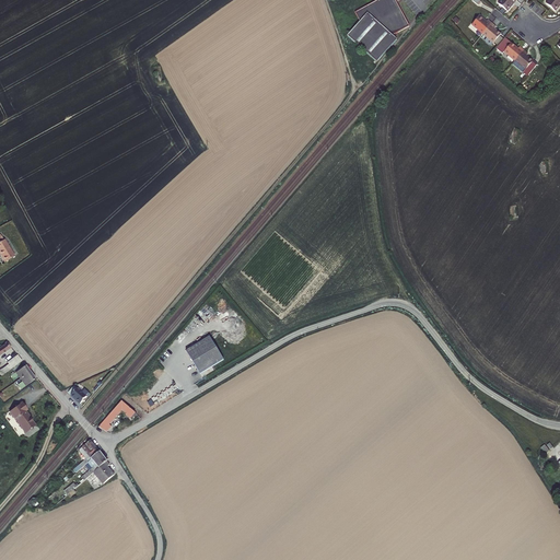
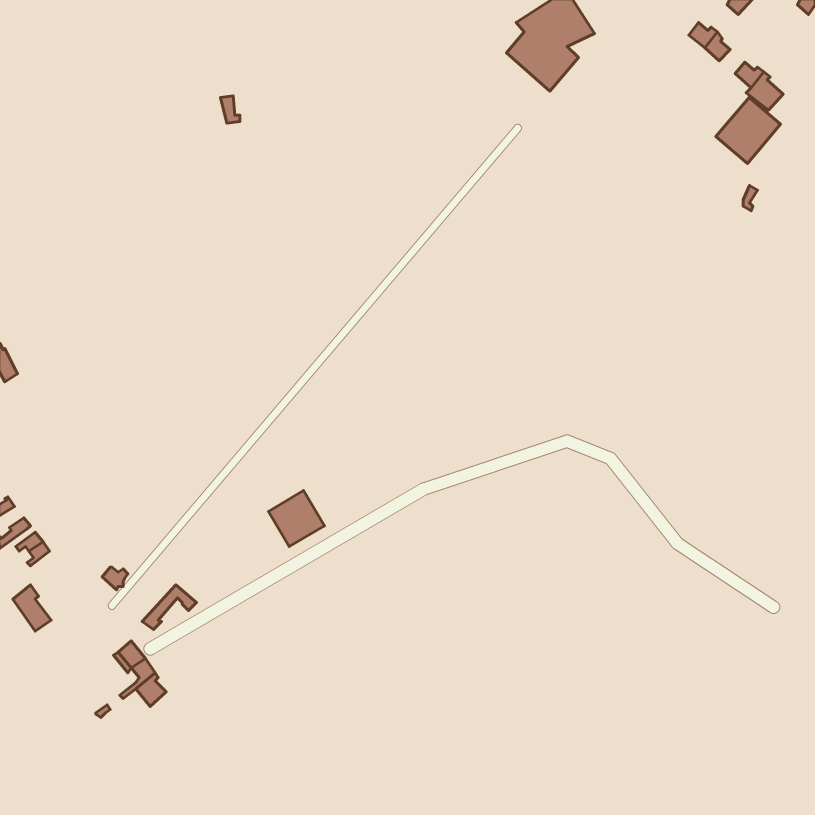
building: none -> [716,97,781,163]

